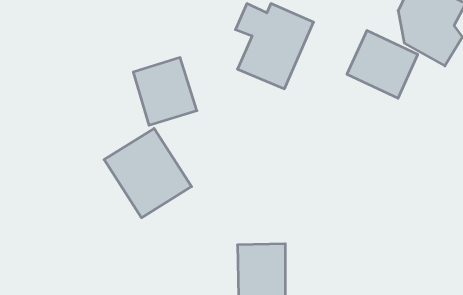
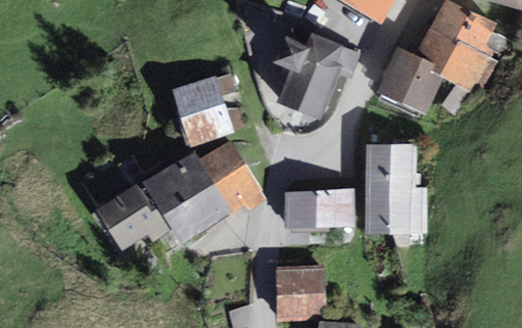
building: none -> [203,140,265,206]
building: none -> [365,141,424,230]
building: none -> [94,182,164,253]
building: none -> [282,187,349,225]

